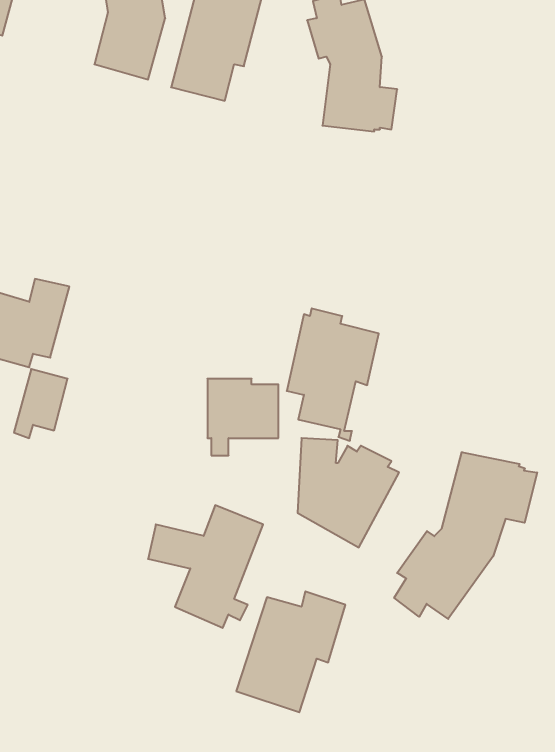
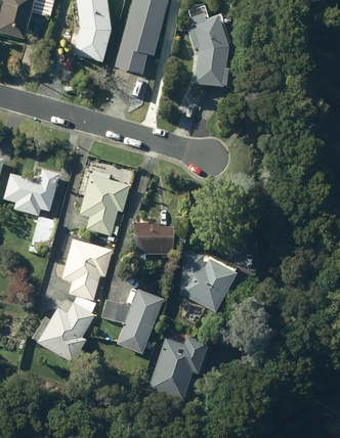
building: [287,308,379,441] -> [81,170,130,240]
building: none -> [62,238,113,300]
building: [394,452,537,619] -> none
building: none -> [37,301,95,363]

